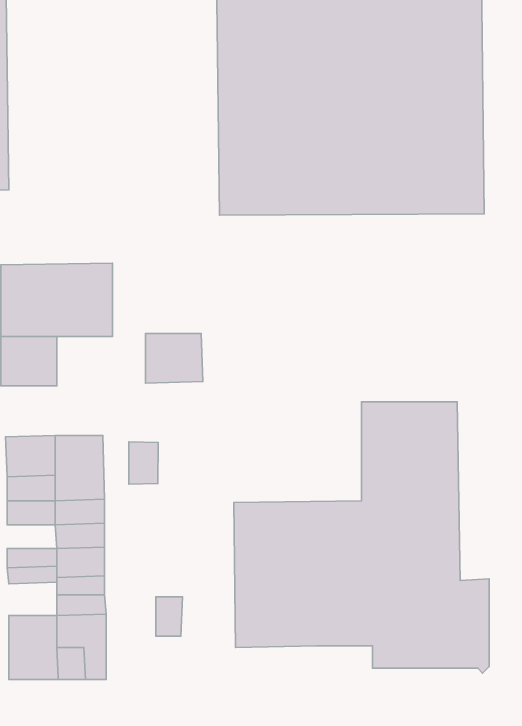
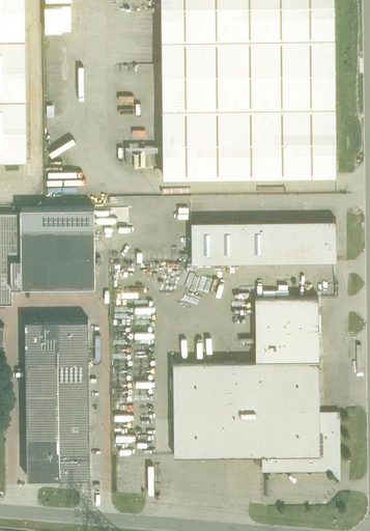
building: none -> [191,222,336,266]
building: [145,334,203,383] -> [57,257,94,289]
building: [129,442,158,484] -> none
building: none -> [25,380,57,395]
building: none -> [26,417,57,439]
building: [156,597,183,636] -> none

